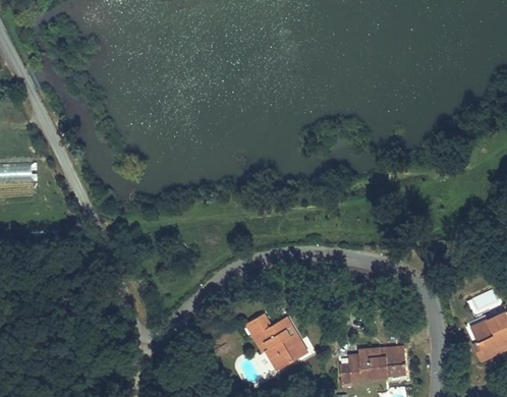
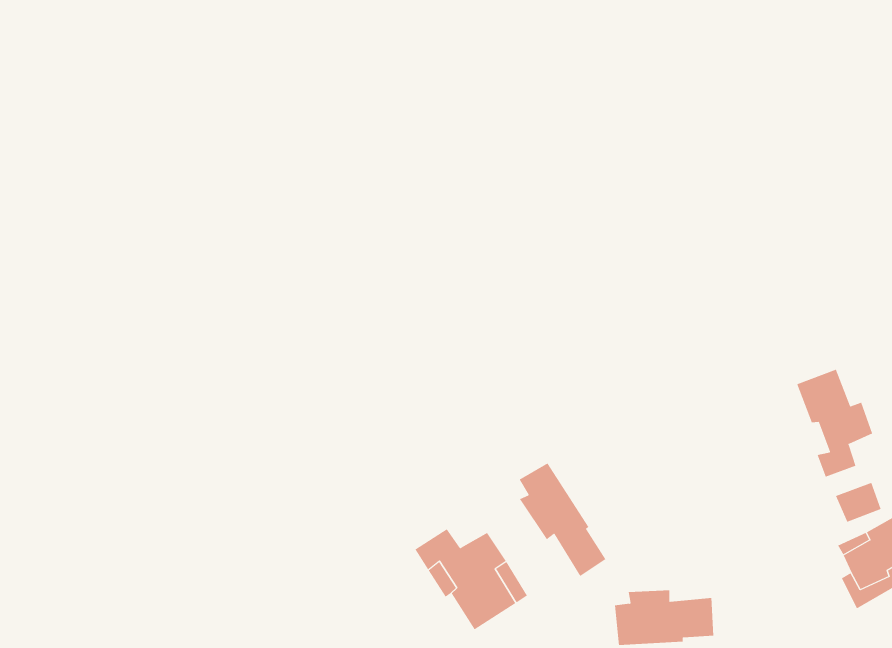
building: none -> [797,369,873,477]
building: none -> [519,463,606,577]

